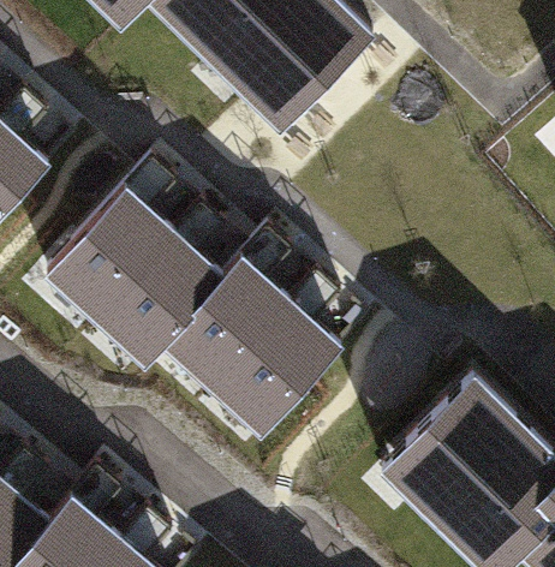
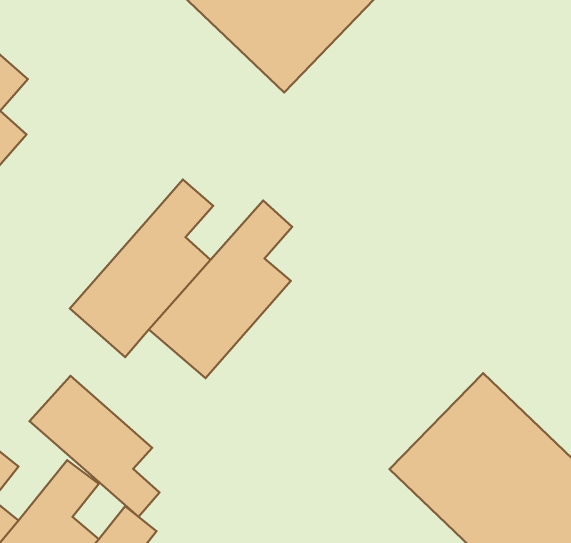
building: [37,163,167,326] -> none
building: [211,271,342,434] -> none
building: none -> [30,376,159,517]

